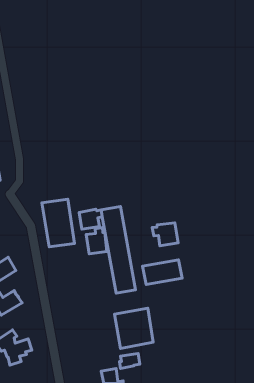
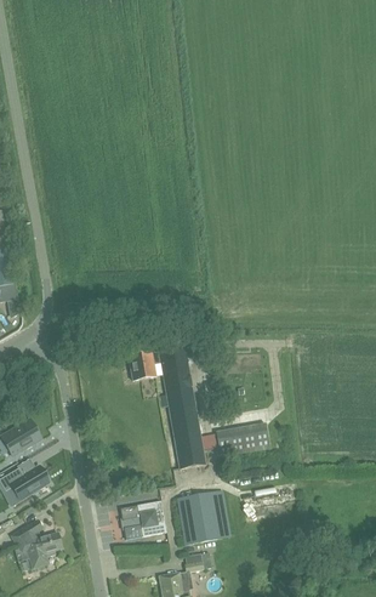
building: [42,199,75,247] -> none
building: [152,223,178,246] -> none
building: [86,227,107,254] -> none
building: none -> [119,501,165,539]

